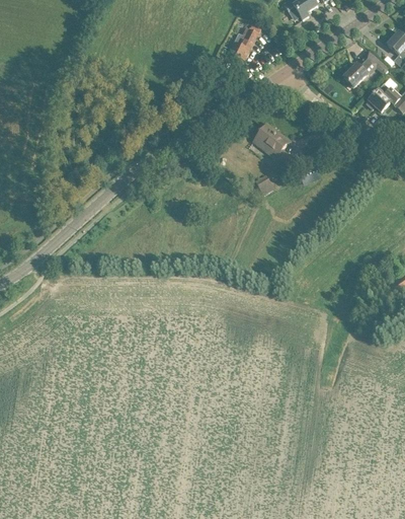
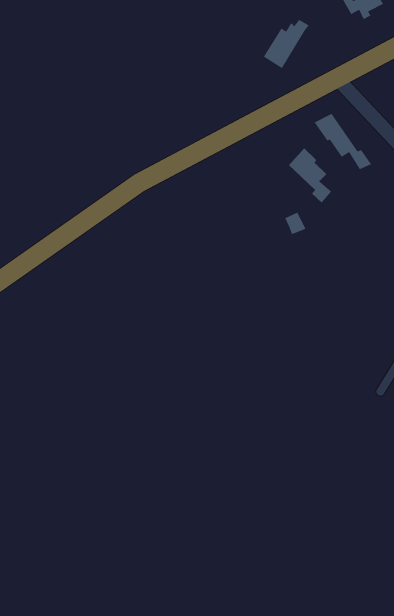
building: none -> [313,113,372,170]

